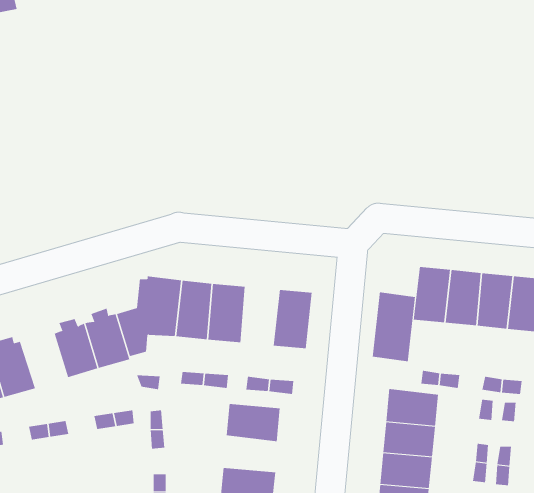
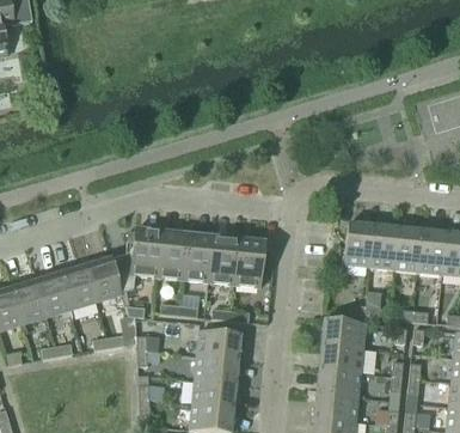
building: none -> [209,237,239,283]
building: [372,292,416,362] -> none
building: none -> [36,269,73,317]
building: none -> [195,354,238,383]

